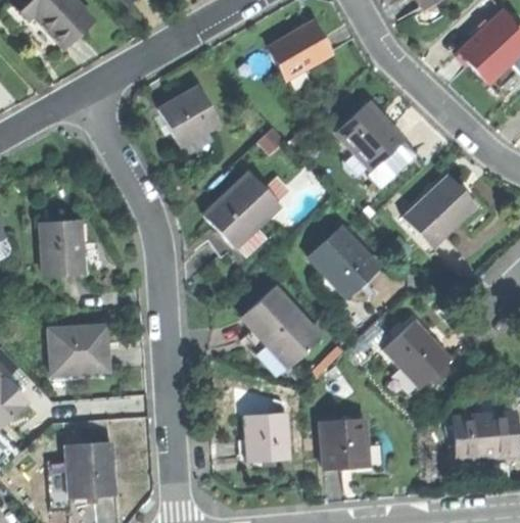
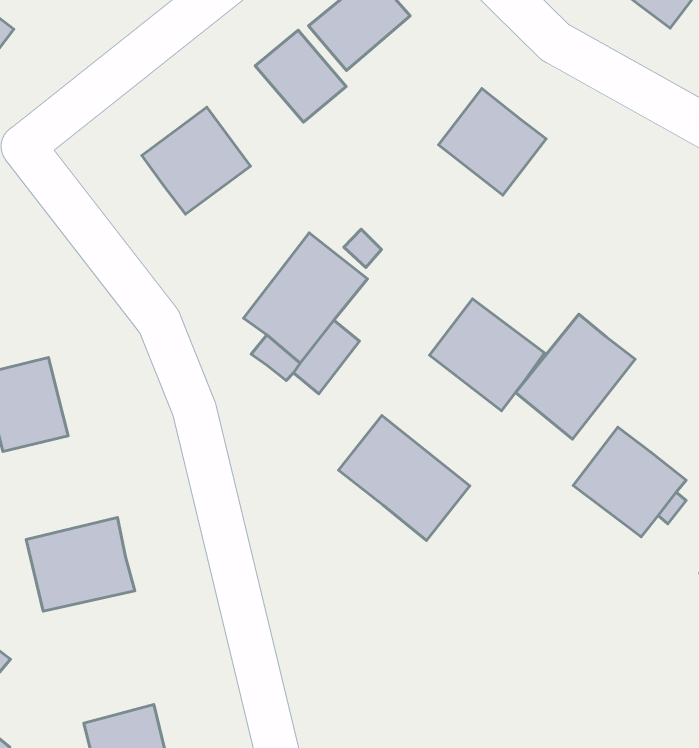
building: none -> [255,30,346,122]
building: [366,139,417,188] -> none
building: [403,175,478,249] -> [515,314,635,439]
building: [243,413,291,462] -> none
building: [320,418,367,470] -> none

